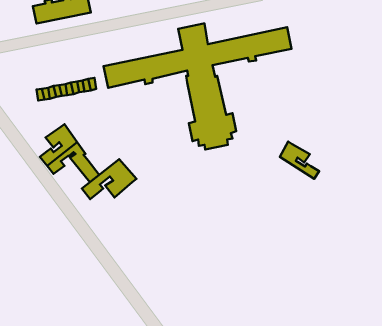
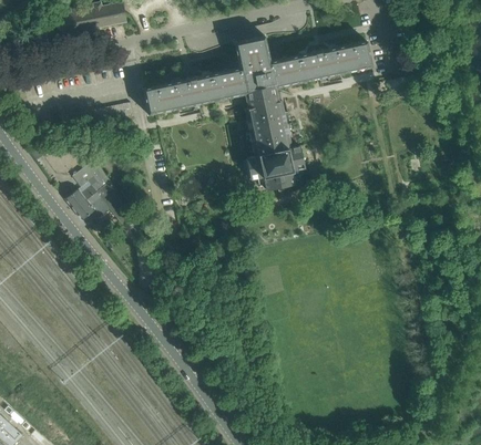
building: [280,142,319,179] -> none
building: [82,159,136,199] -> none

